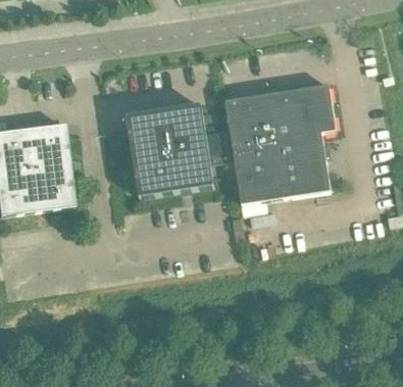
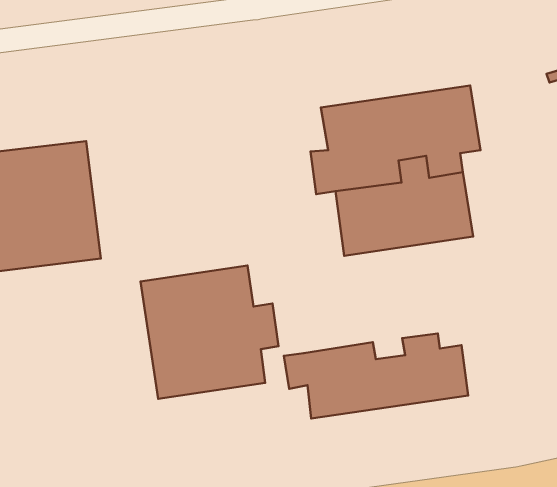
building: [127,104,222,197] -> [141,265,278,399]
building: none -> [284,334,468,419]

